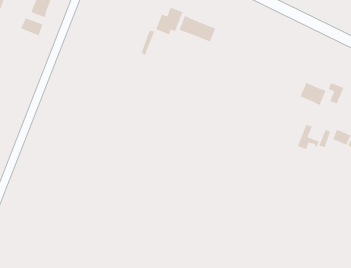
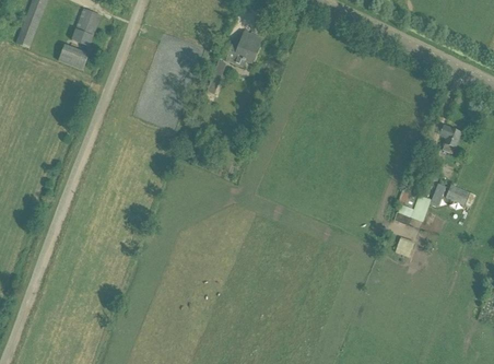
building: [179,15,216,42] -> none
building: [300,82,326,106] -> none

